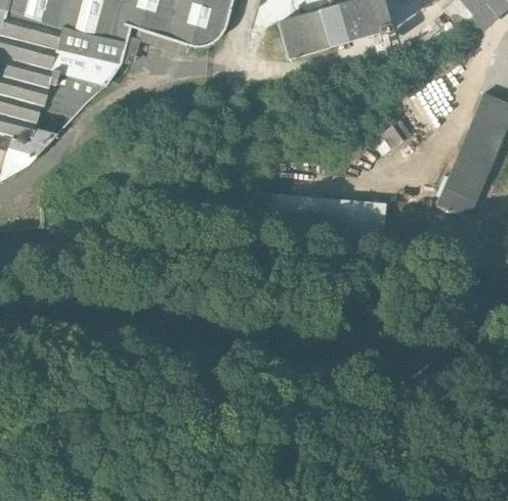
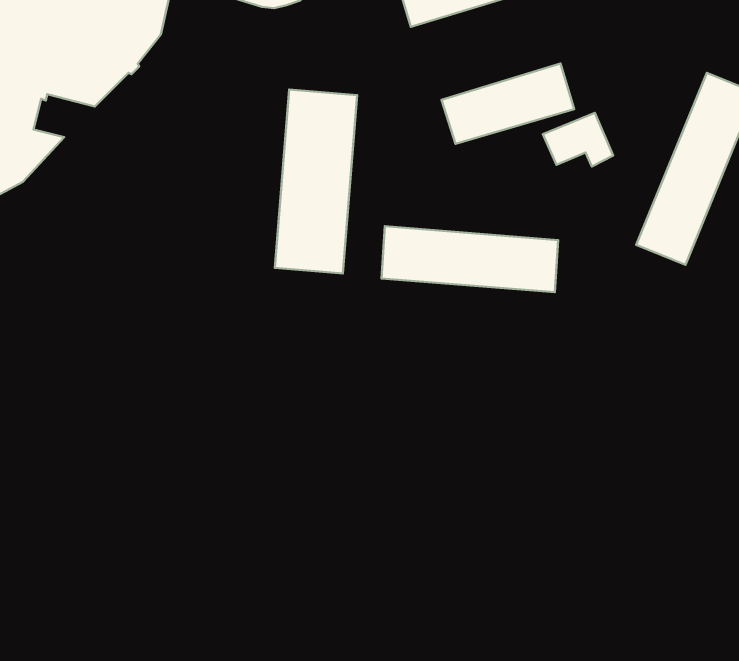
building: none -> [441,64,574,144]
building: none -> [275,90,357,274]

